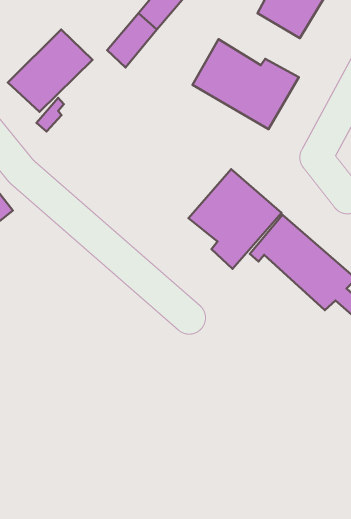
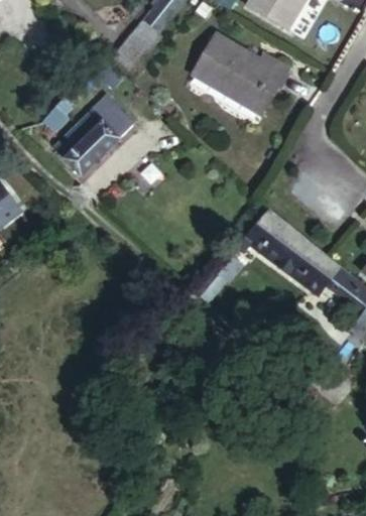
building: [8,30,92,112] -> [53,97,132,173]
building: [188,169,281,269] -> none

